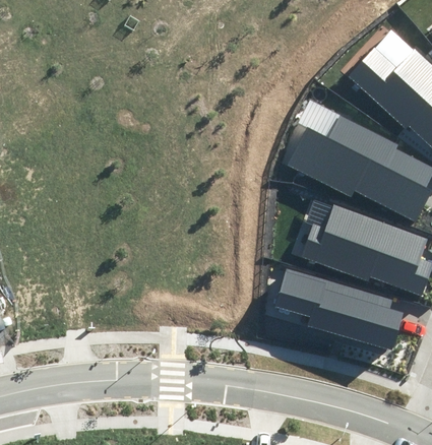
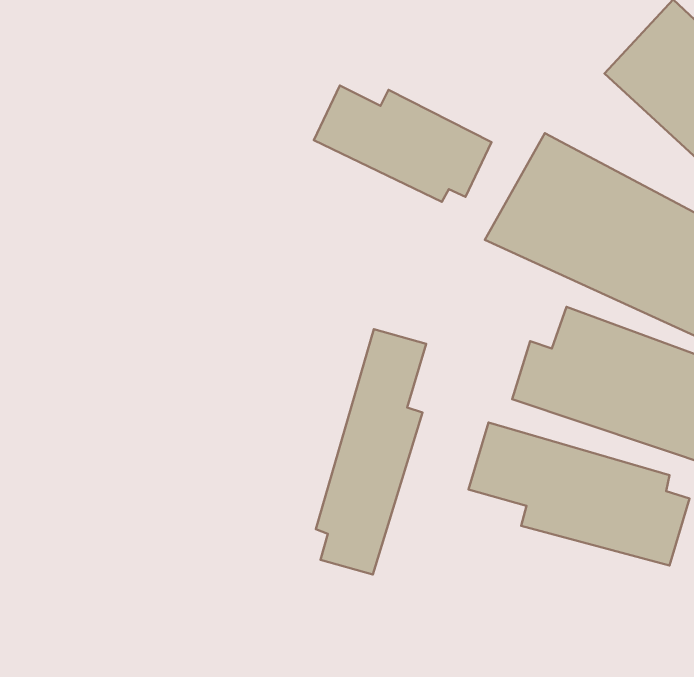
building: none -> [314,86,491,202]
building: none -> [316,329,426,575]

